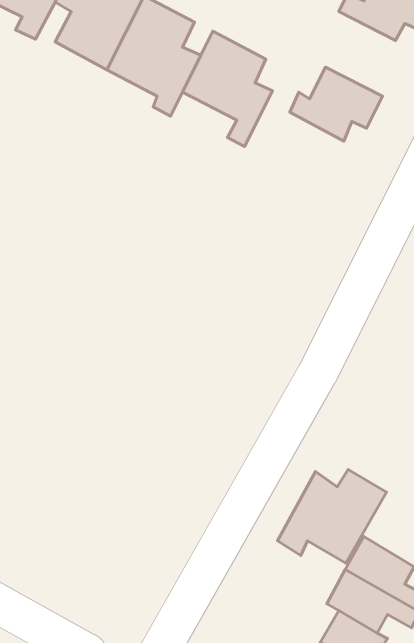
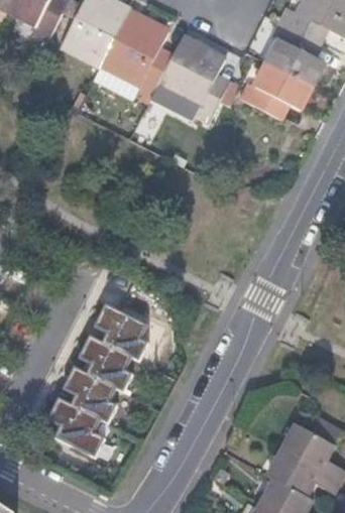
building: none -> [268,21,324,86]
building: none -> [49,308,146,459]
building: [278,470,387,563] -> none

